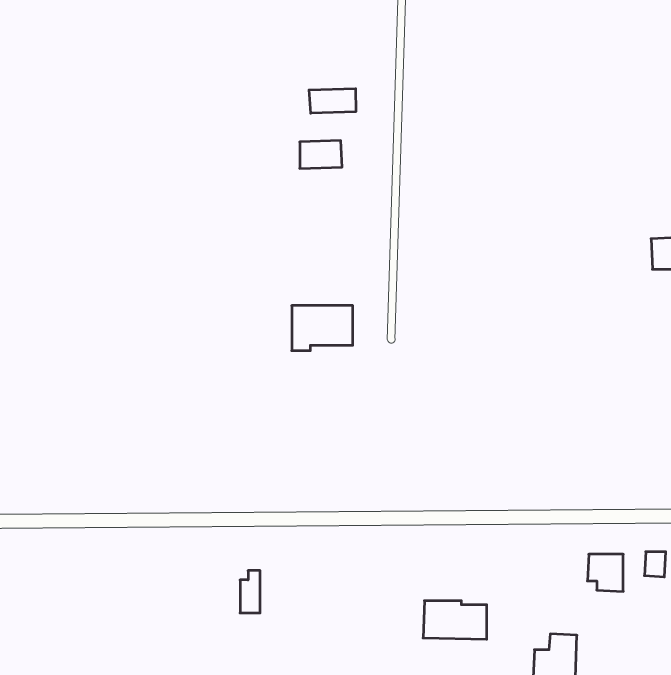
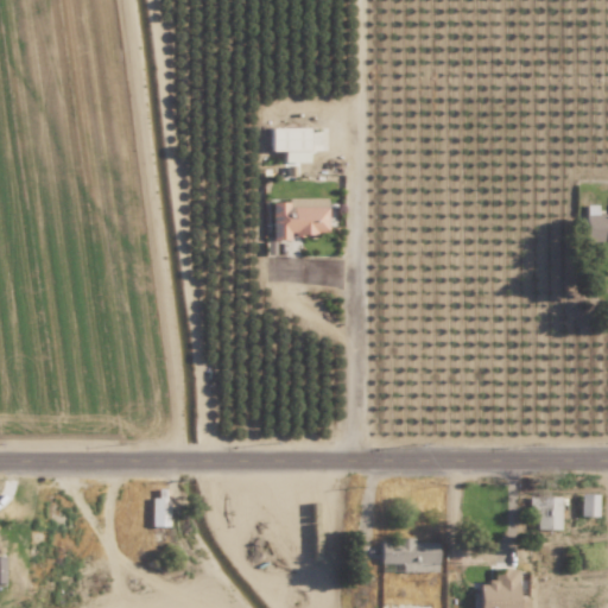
building: [309,89,356,113] -> none
building: [292,306,353,351] -> [277,201,331,241]
building: [240,571,260,613] -> [156,490,173,528]

